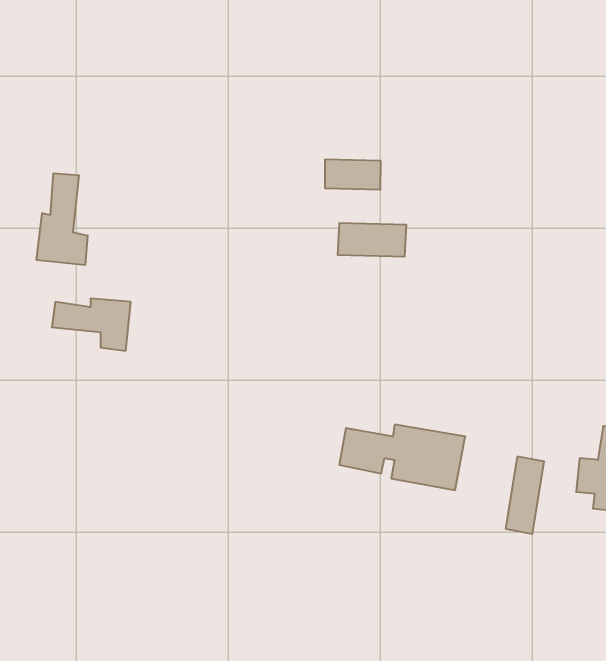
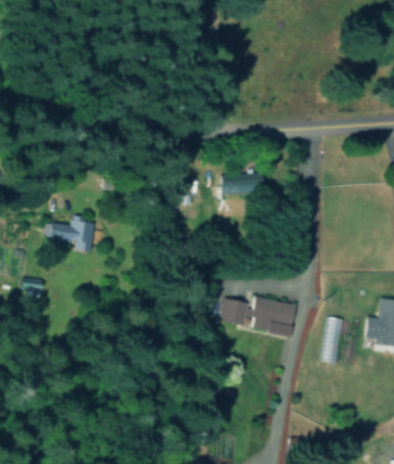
building: [325,159,380,190] -> none
building: [37,173,88,265] -> none

